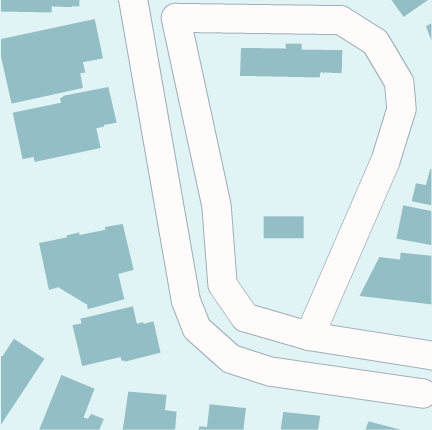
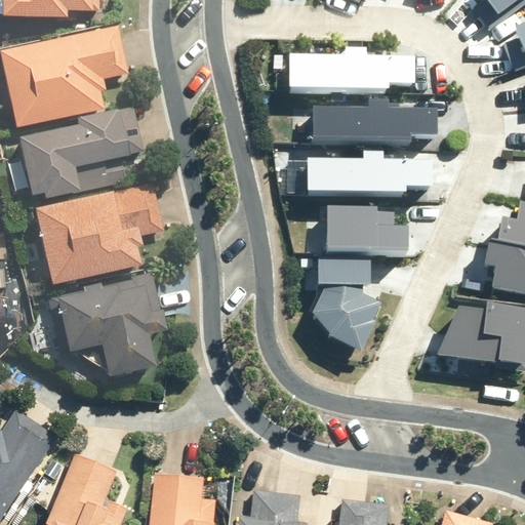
building: none -> [312,104,438,145]
building: none -> [309,155,434,200]
building: none -> [32,180,161,284]
building: none -> [327,210,410,257]
building: none -> [314,293,382,357]
building: [72,306,161,367] -> none

